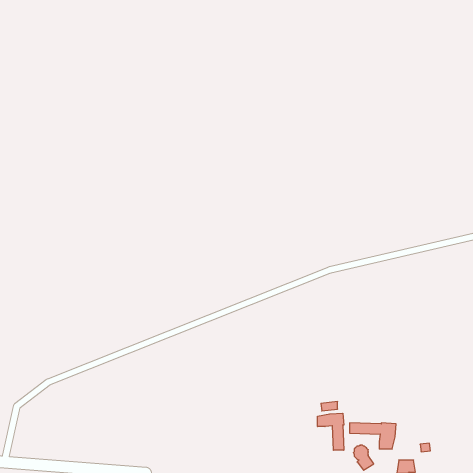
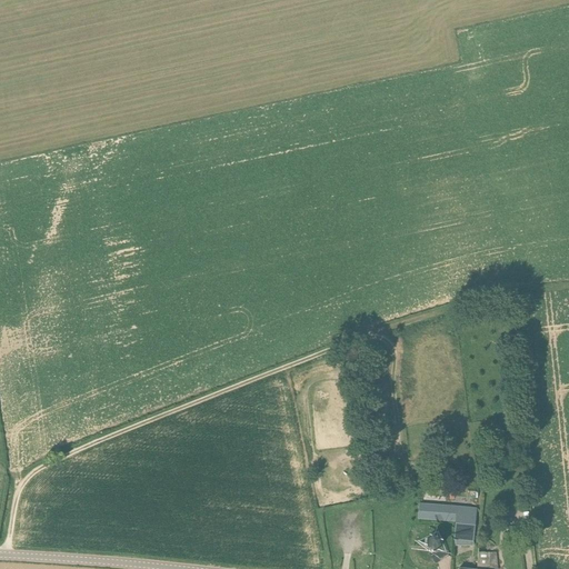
building: [318,413,344,450] -> none

